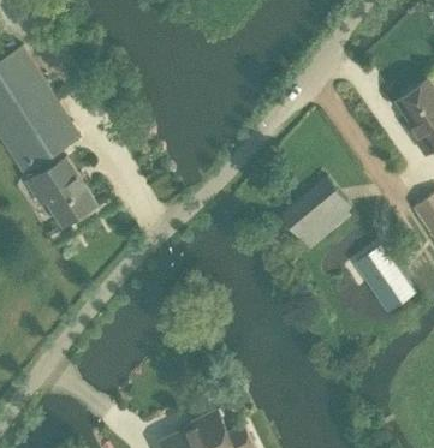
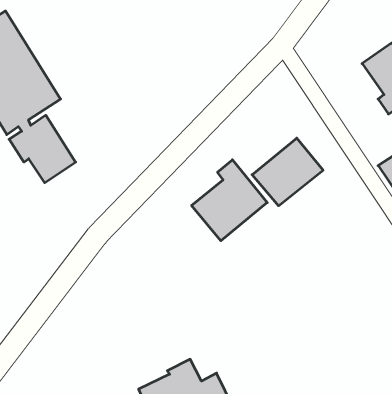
building: none -> [192,160,267,241]
building: [355,247,410,310] -> none

